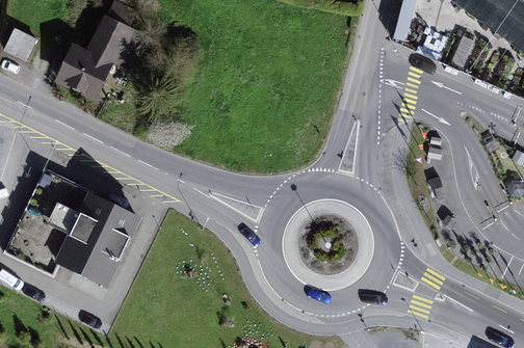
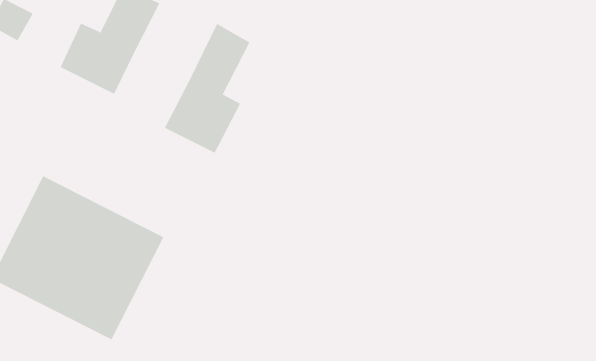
building: none -> [164,23,250,154]

